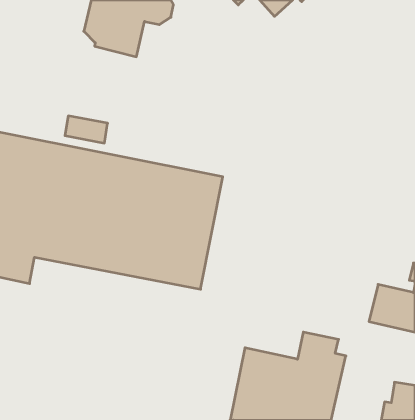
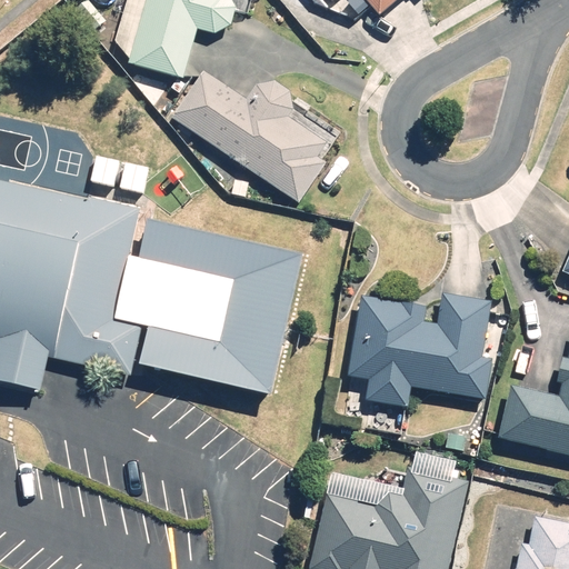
building: none -> [170,70,338,203]
building: none -> [350,296,492,408]

